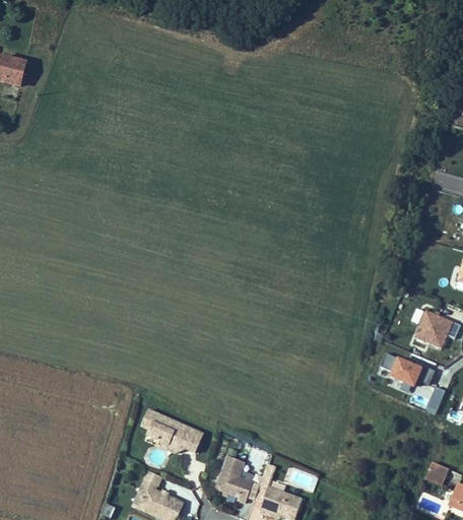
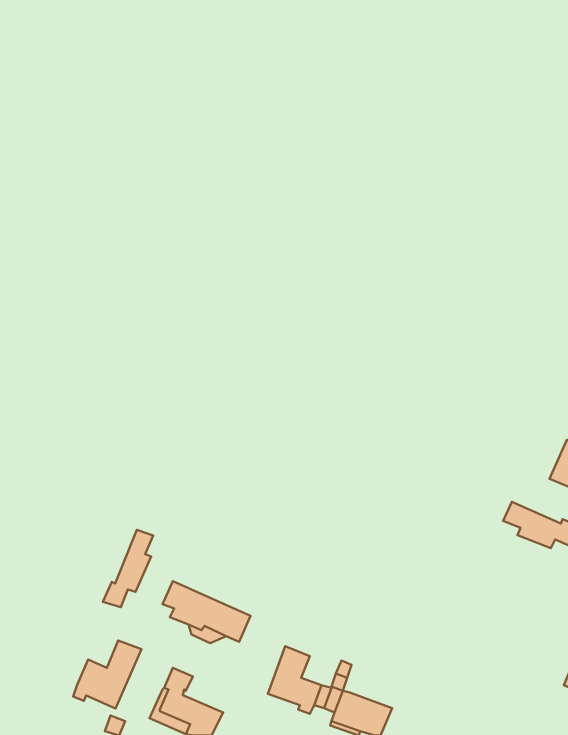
building: none -> [103,530,153,607]
building: none -> [73,640,141,708]

